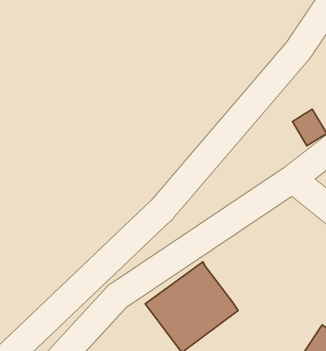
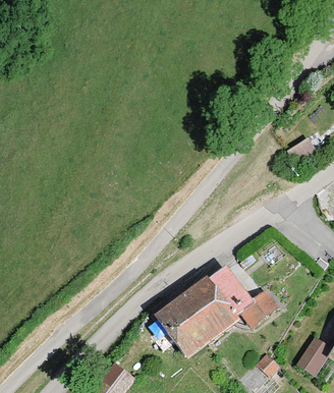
building: none -> [208,268,278,327]

